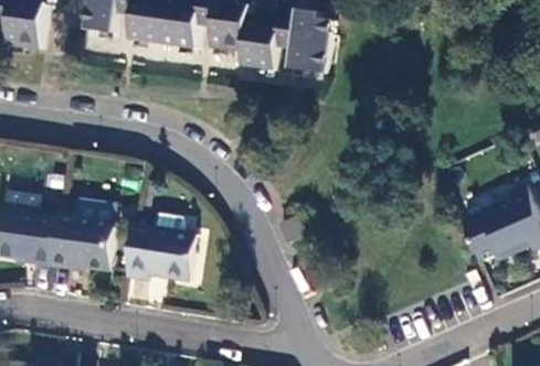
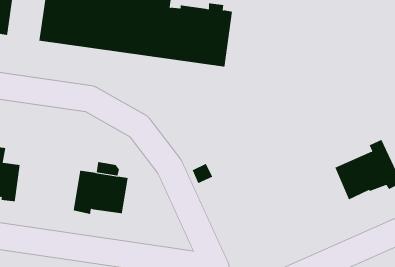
building: [50,214,114,269] -> none

